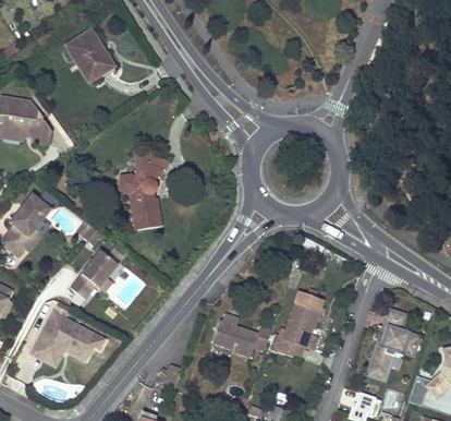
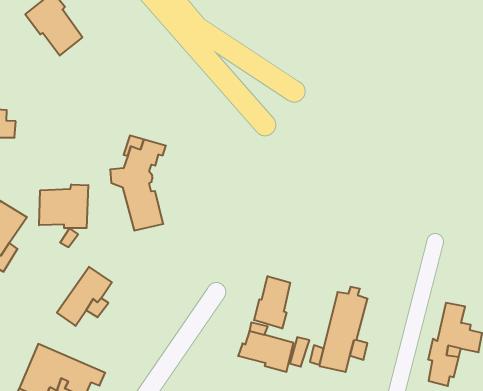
building: none -> [39,184,88,228]
building: none -> [254,276,290,329]

